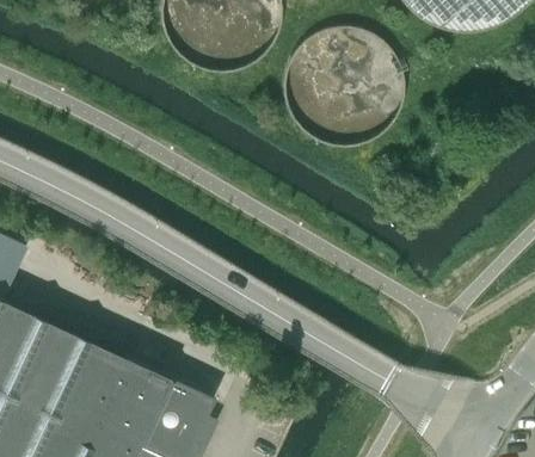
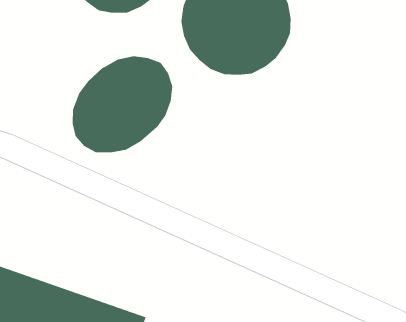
building: none -> [72,56,173,153]

